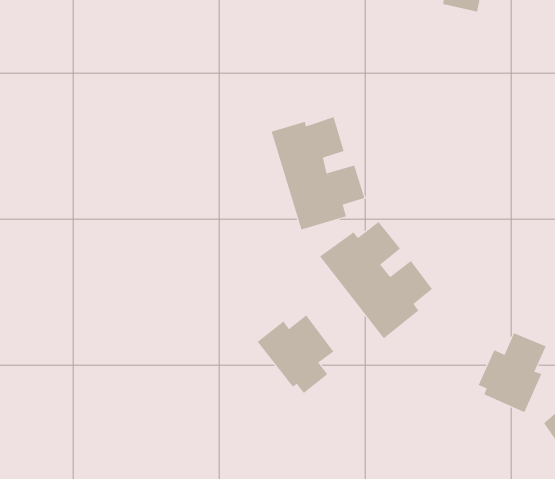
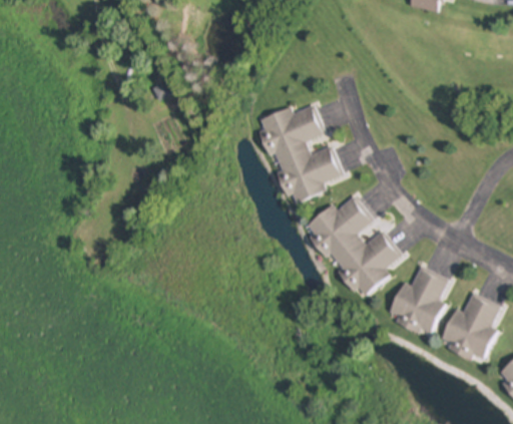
building: none -> [387,266,449,336]
building: [257,314,334,394] -> none

